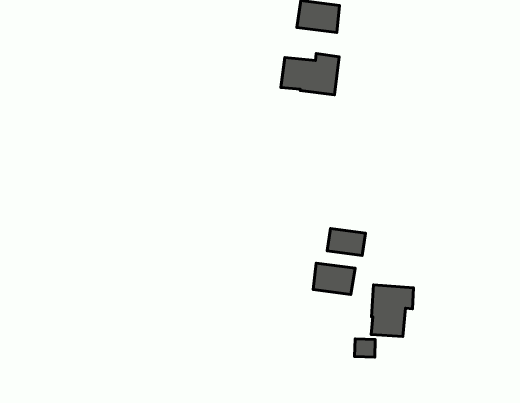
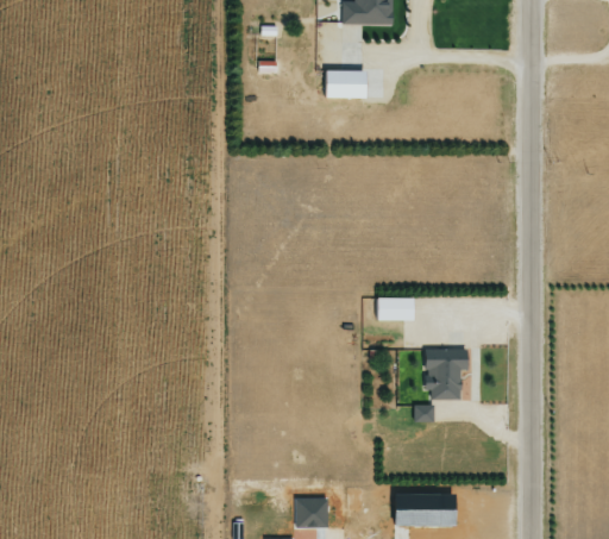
building: [281,54,339,95] -> none
building: [313,263,355,294] -> none

